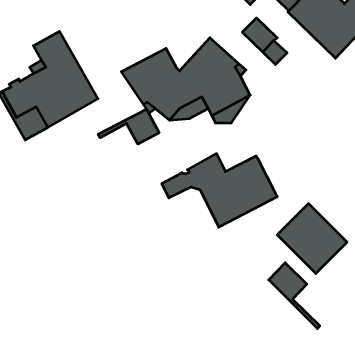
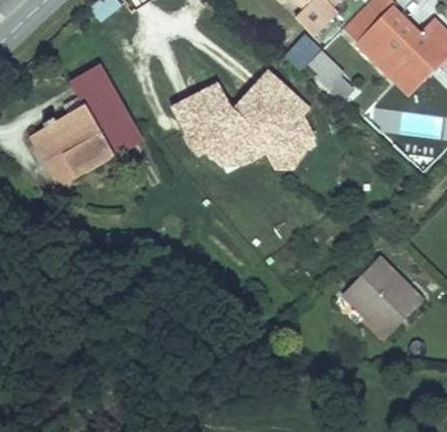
building: [98,109,159,144] -> none
building: [162,154,277,227] -> none
building: [269,263,320,329] -> none

